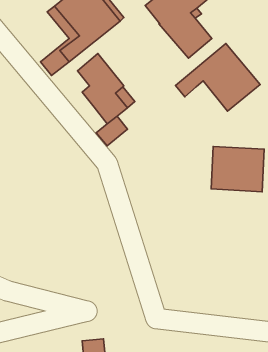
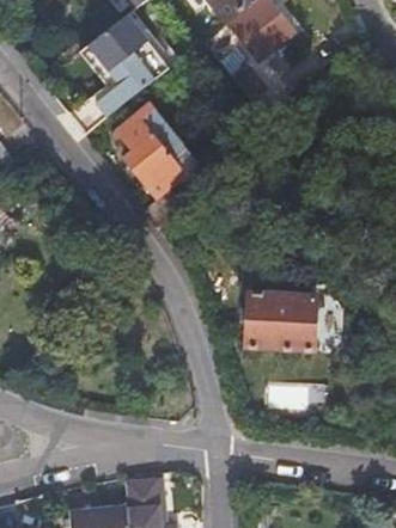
building: [176,44,260,111] -> none
building: [211,146,264,192] -> [248,290,316,349]

